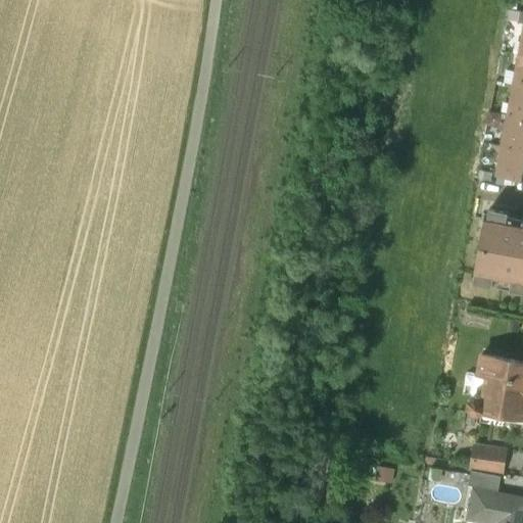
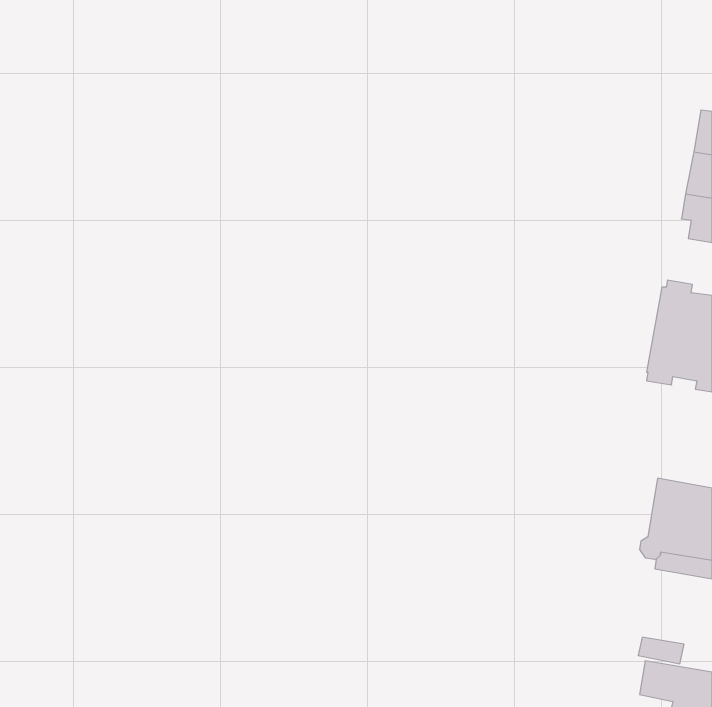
building: [472,441,507,473] -> none

